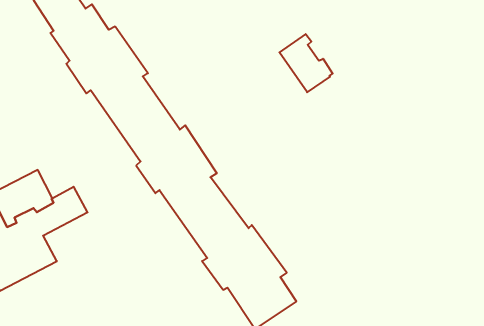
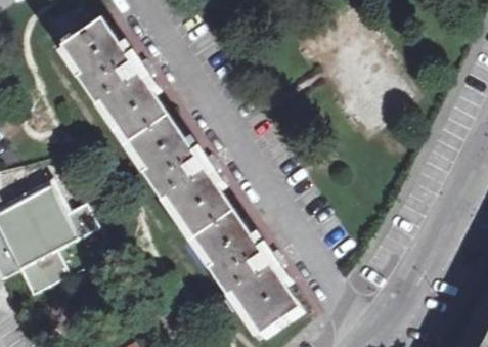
building: [279,34,333,92] -> none

